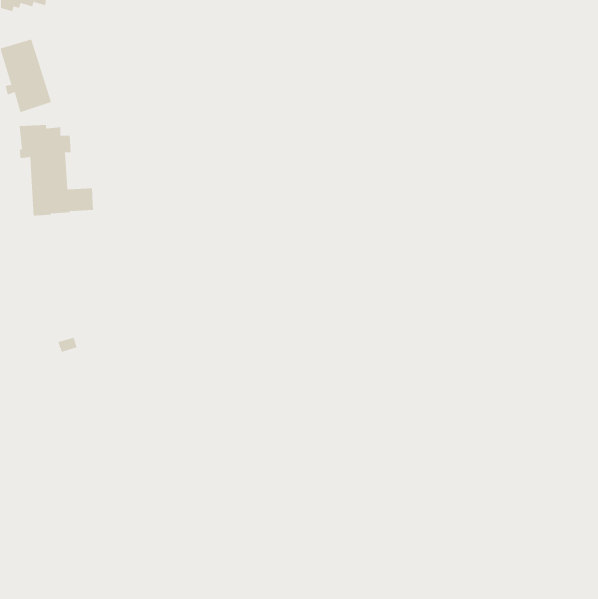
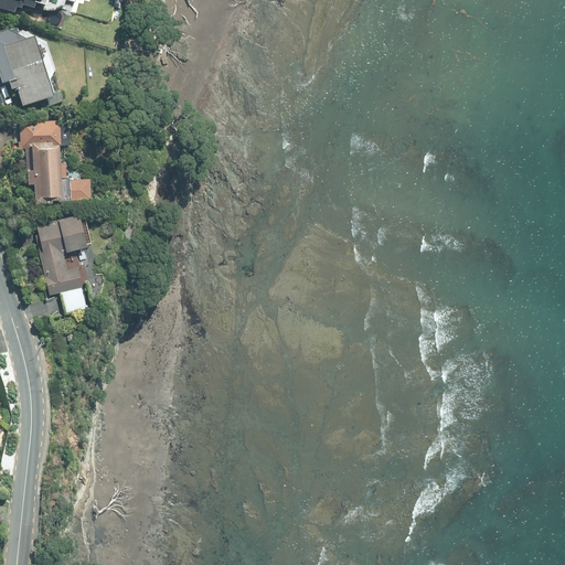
building: none -> [36,214,88,313]

